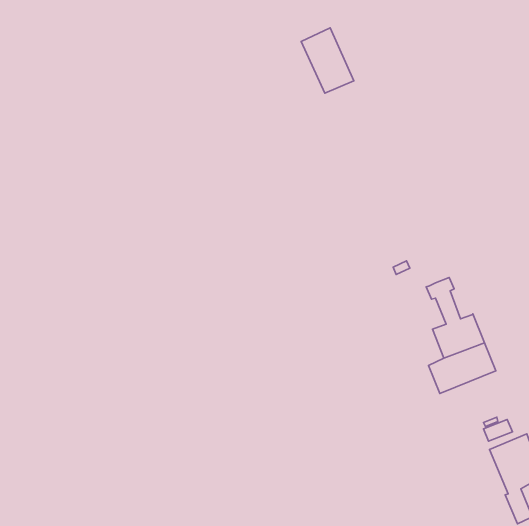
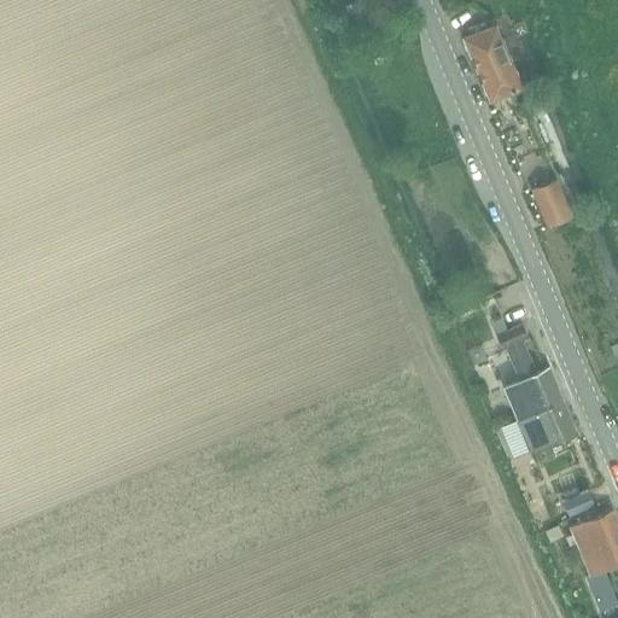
building: [301,28,354,93] -> [465,27,526,103]
building: none -> [535,182,572,227]

